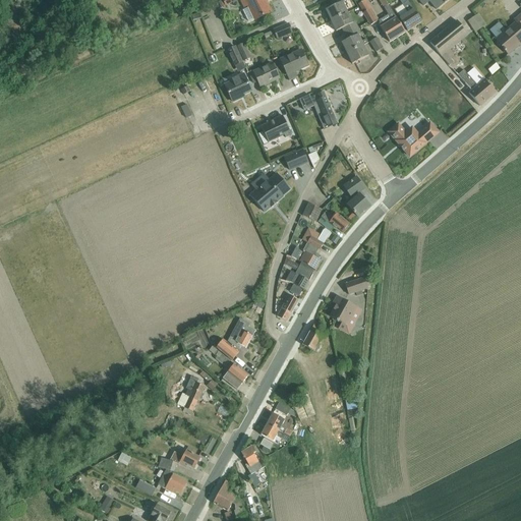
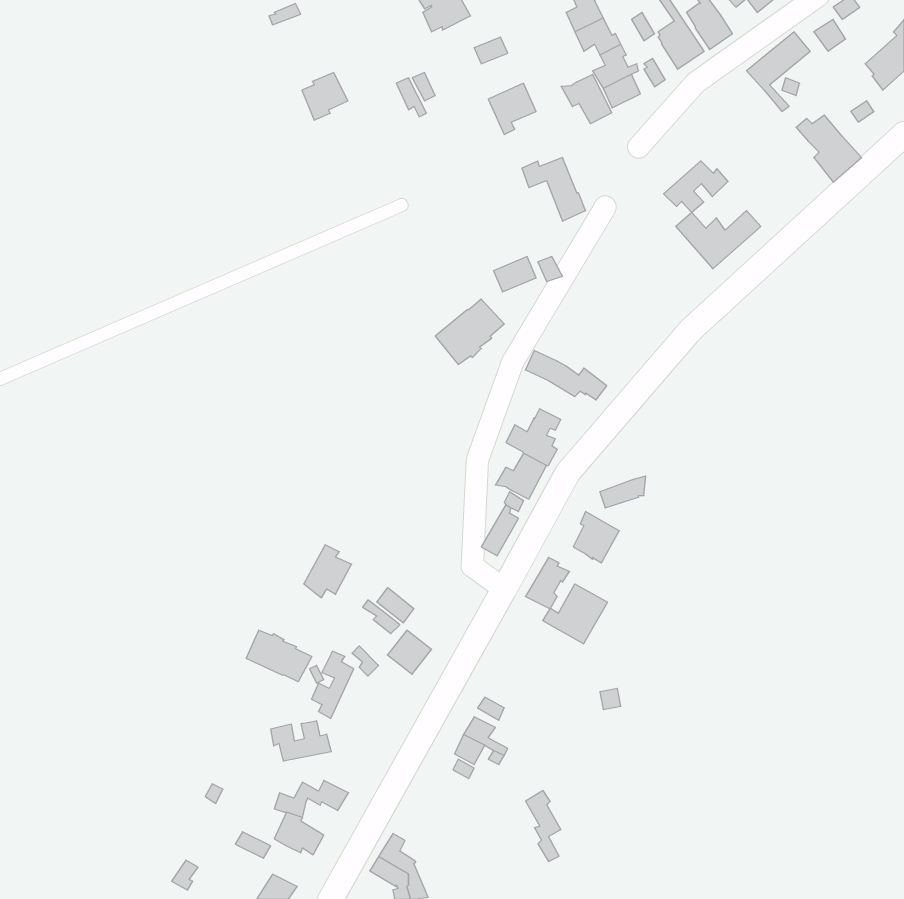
building: none -> [561,74,612,124]
building: [247,61,277,85] -> none
building: [225,72,251,100] -> [302,73,348,120]
building: none -> [664,161,728,212]
building: [260,114,291,140] -> none
building: [343,175,369,215] -> none
building: [228,317,255,348] -> [304,545,352,598]
building: none -> [543,584,607,644]
building: none -> [246,630,312,682]
building: none -> [271,721,331,761]
building: [241,444,262,484] -> [526,791,561,861]

